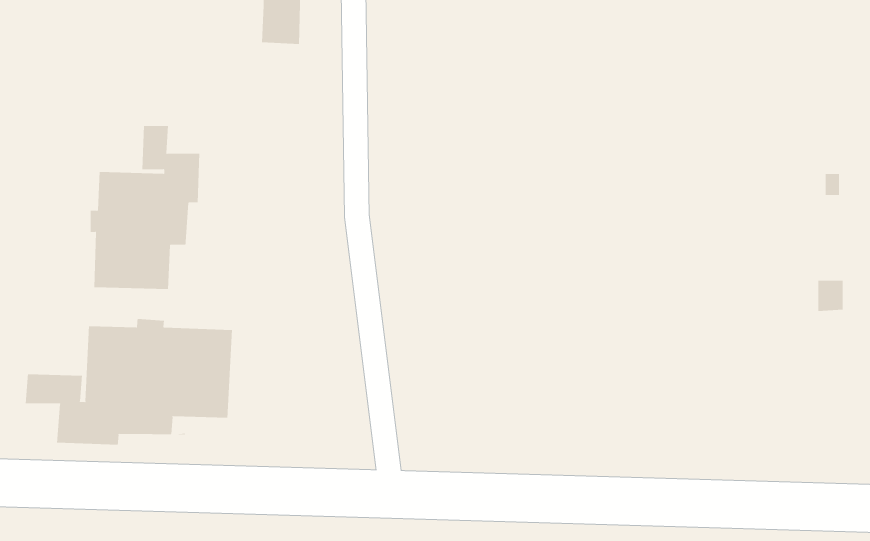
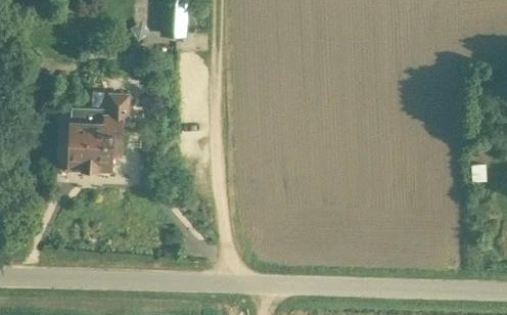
building: [25,318,232,445] -> none

